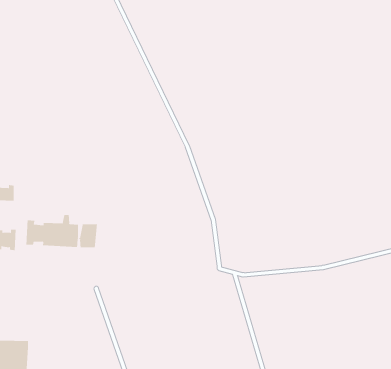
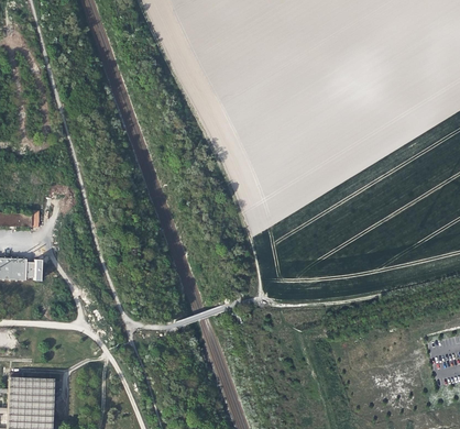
building: [26,214,97,248] -> none

